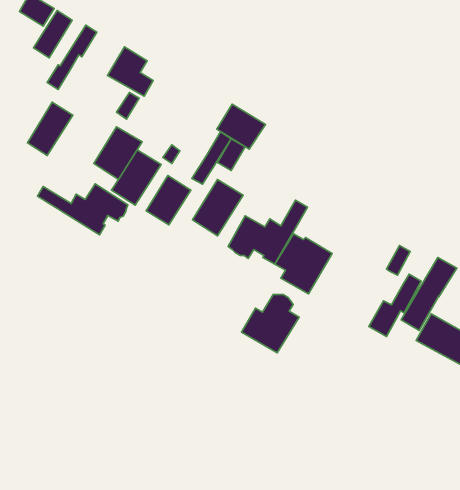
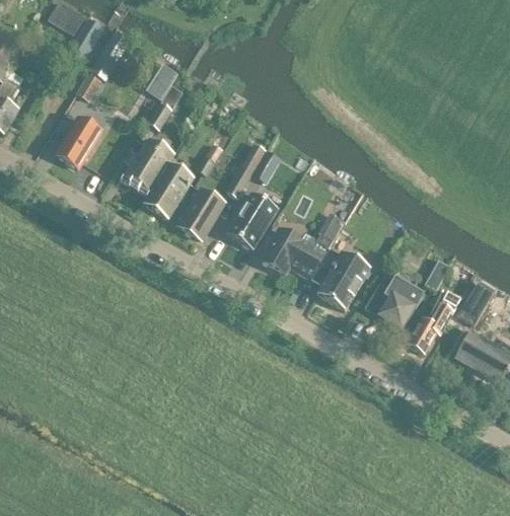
building: [217,104,265,149] -> none
building: [37,184,128,235] -> none
building: [242,294,299,353] -> [366,272,425,331]

